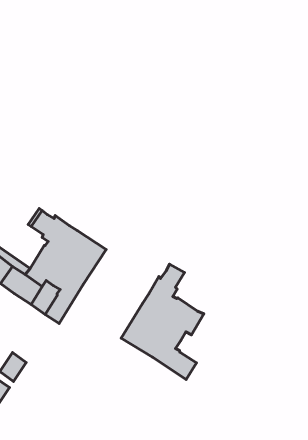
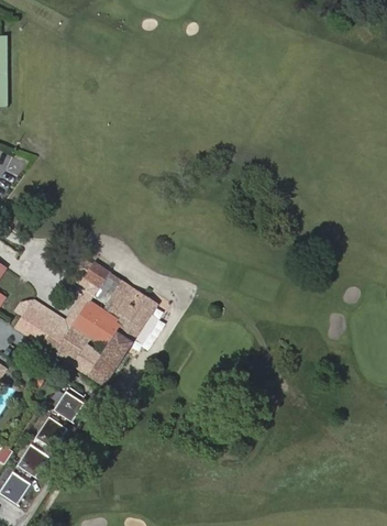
building: [121,264,204,380] -> none
building: none -> [56,387,85,421]

